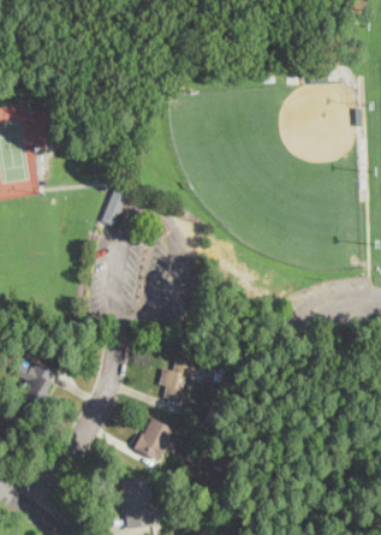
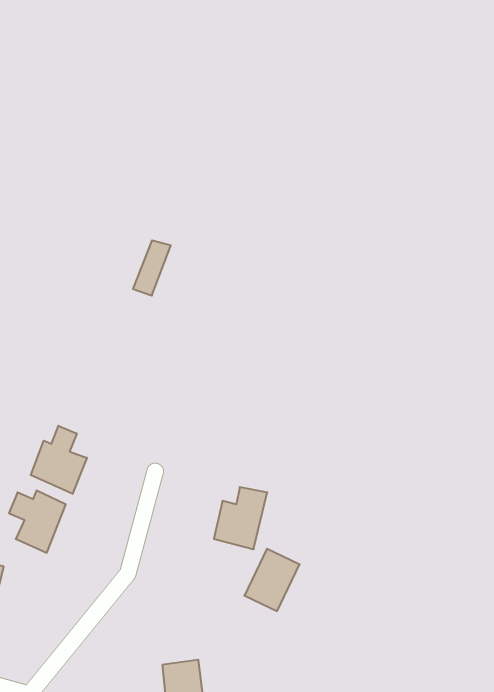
building: none -> [31,426,87,494]
building: [135,416,173,459] -> [244,549,300,611]

